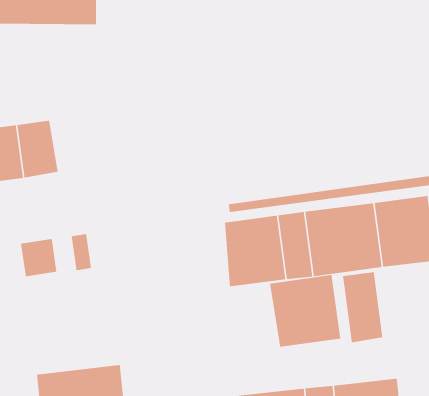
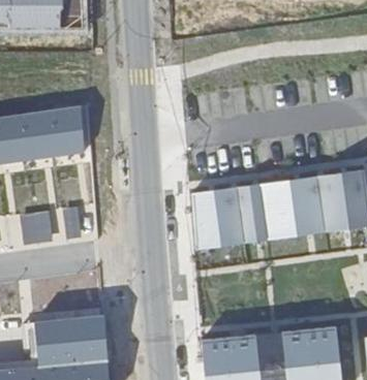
building: none -> [44,106,81,154]
building: [343,271,383,343] -> none
building: [270,274,341,348] -> none

